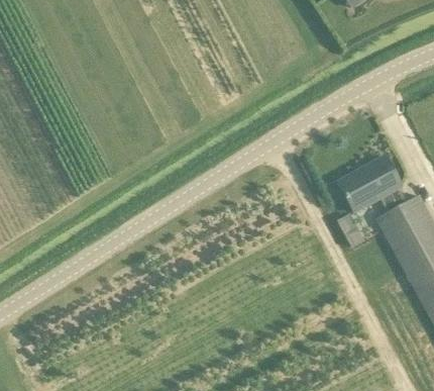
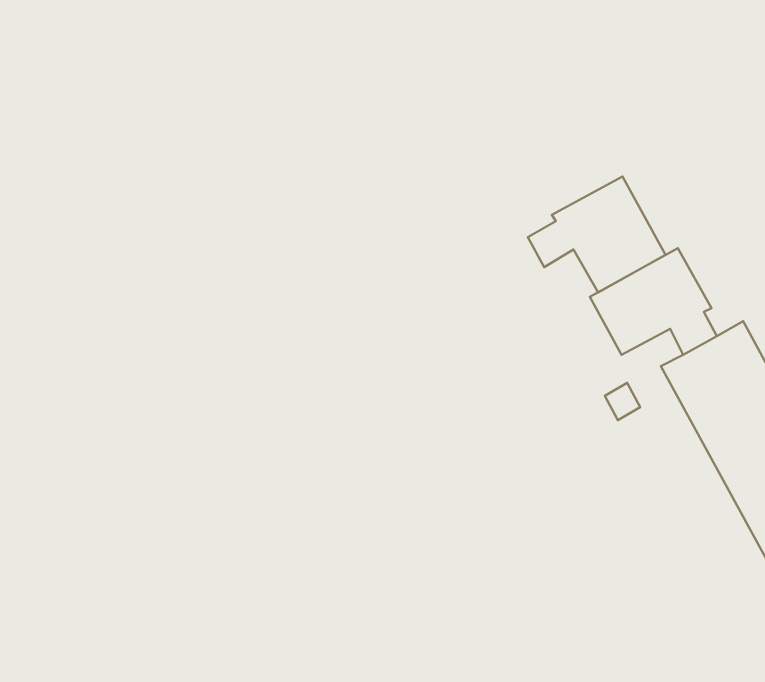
building: none -> [528,176,666,292]

